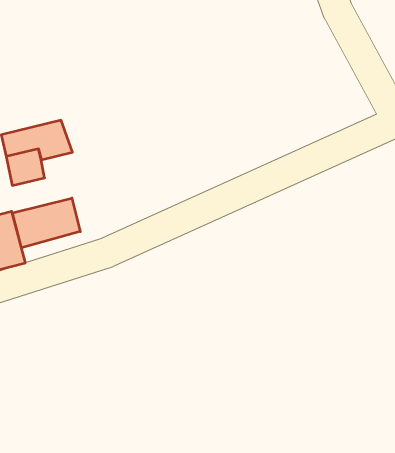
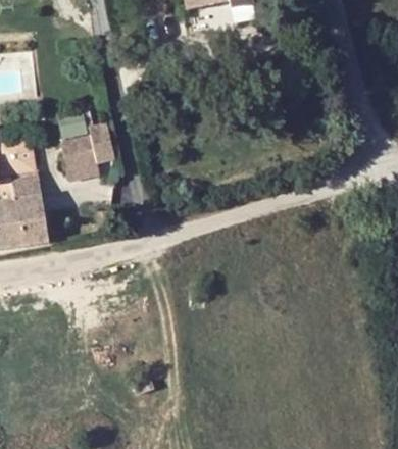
building: [12,198,80,248] -> none

